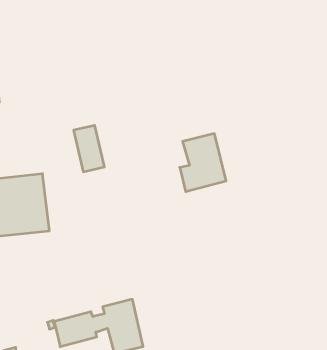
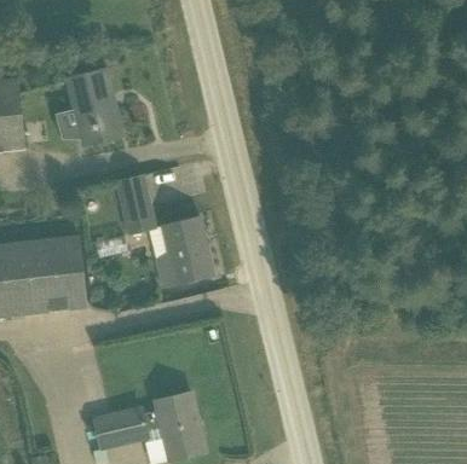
building: none -> [65,69,120,144]
building: [180,134,226,192] -> [155,216,213,289]

